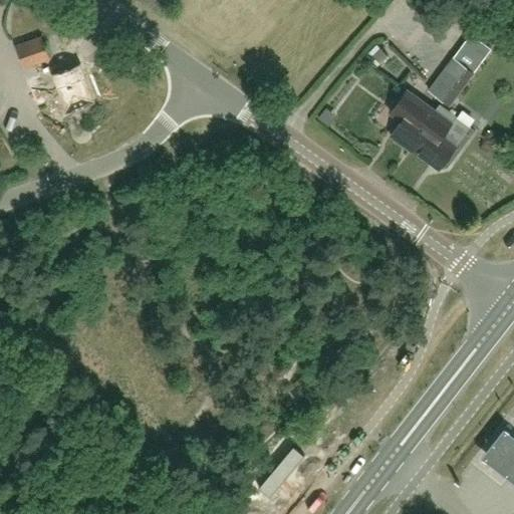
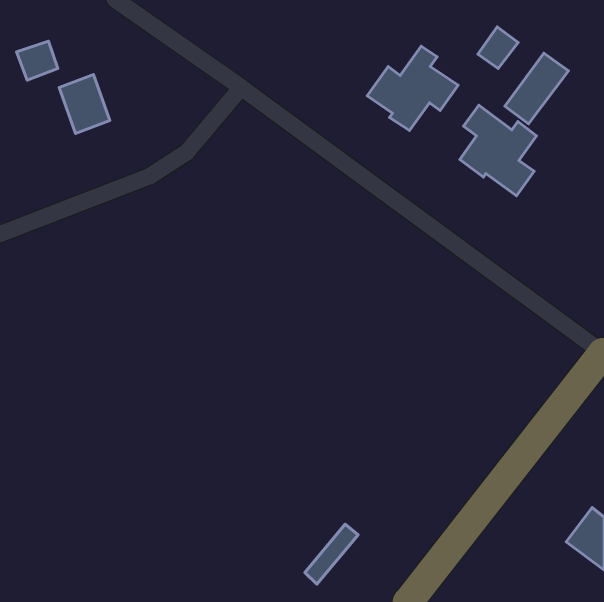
building: none -> [478,27,518,69]
building: none -> [367,46,458,131]

